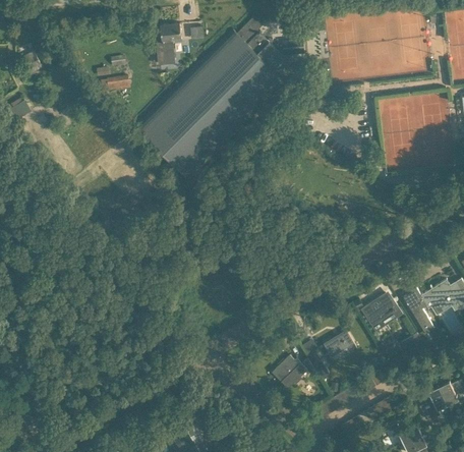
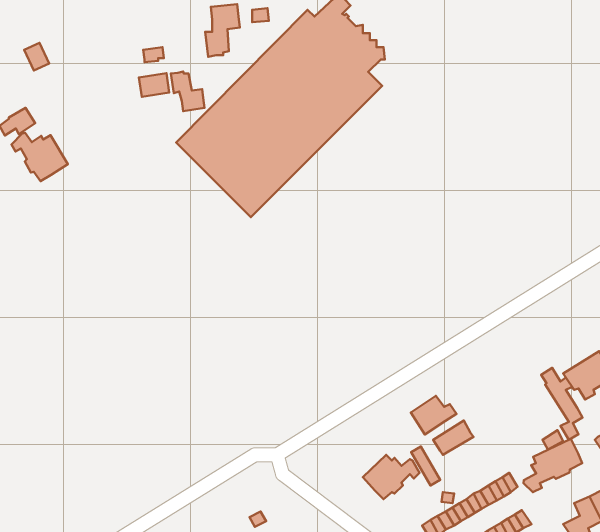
building: none -> [171,71,205,111]
building: none -> [11,133,68,181]
building: [363,297,397,326] -> [411,396,457,435]
building: none -> [524,439,582,492]

